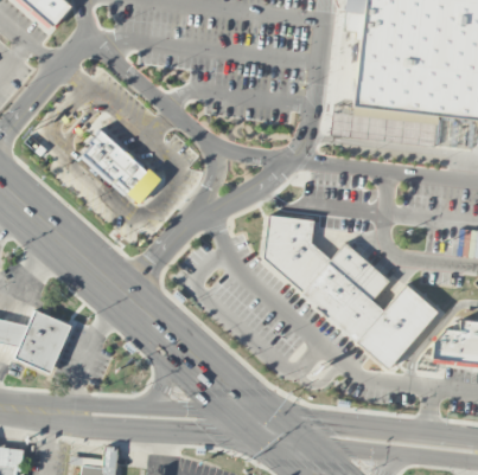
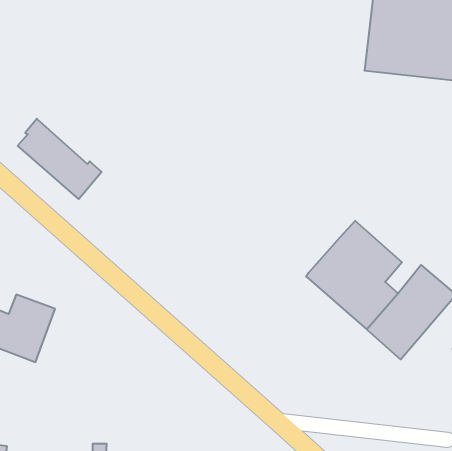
building: [84,130,161,204] -> [18,119,102,199]
building: [266,214,332,291] -> none

